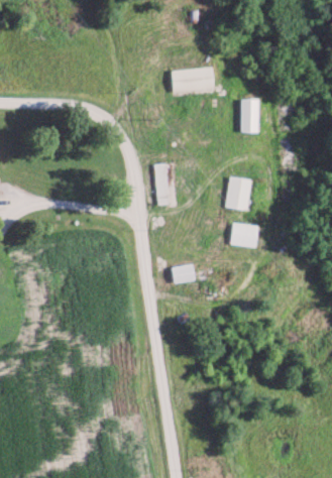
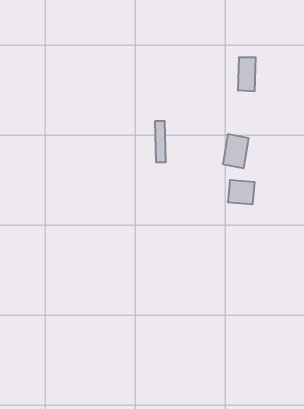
building: [173,69,214,91] -> none
building: [173,264,195,283] -> none

